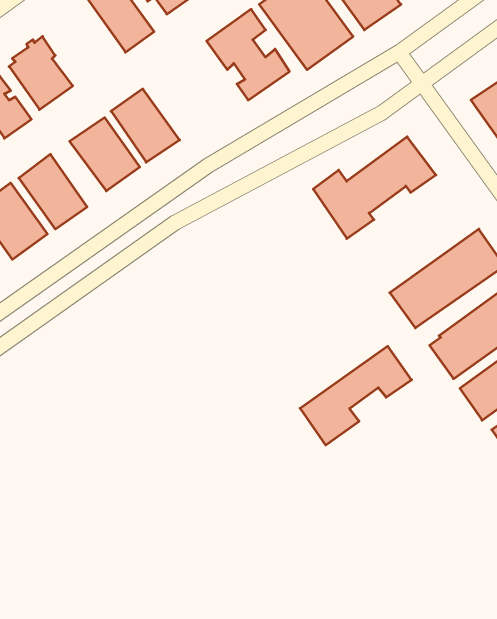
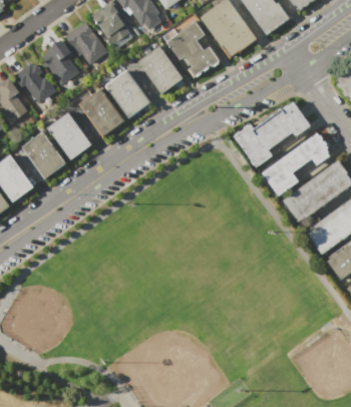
building: none -> [66,22,107,63]
building: none -> [138,46,184,93]
building: [300,346,412,445] -> [261,132,331,194]

